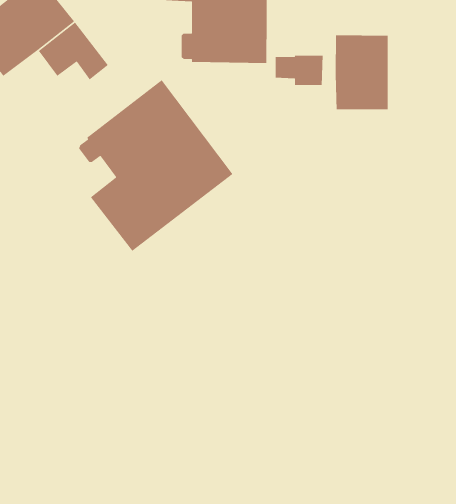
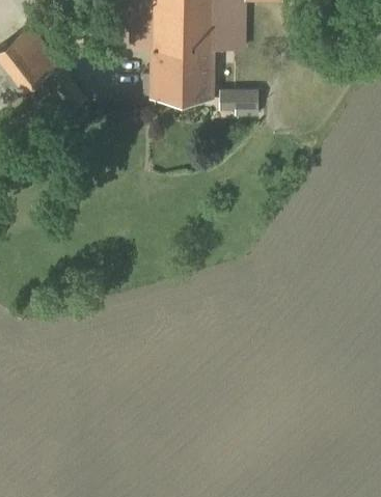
building: [335,34,388,110] -> none
building: [78,79,234,252] -> none

